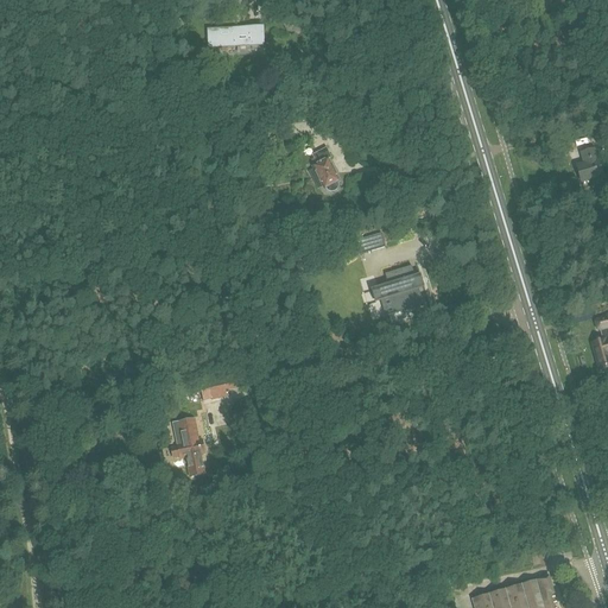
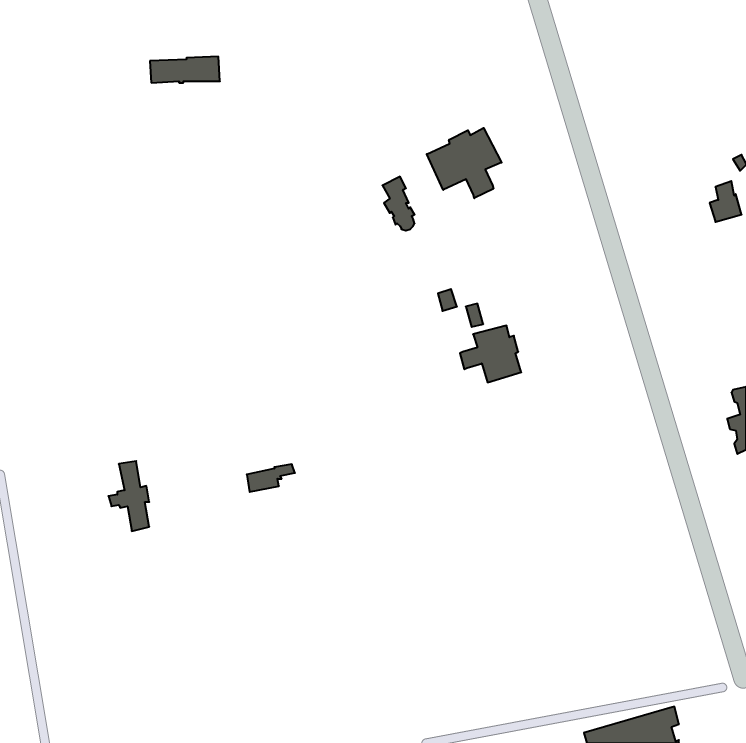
building: [207,25,264,46] -> [150,57,220,83]
building: none -> [427,128,502,198]
building: [171,418,204,475] -> [108,461,149,531]

